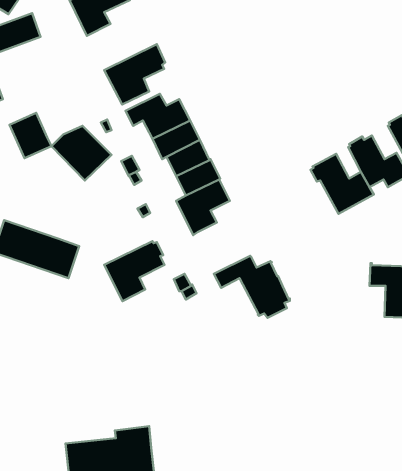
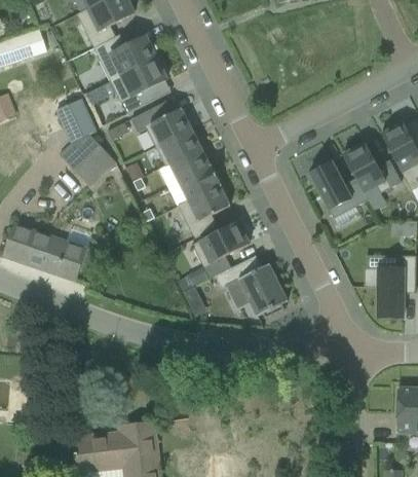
building: none -> [93,34,160,80]
building: [9,113,51,158] -> [56,99,97,142]
building: [104,241,164,301] -> [192,221,250,279]

